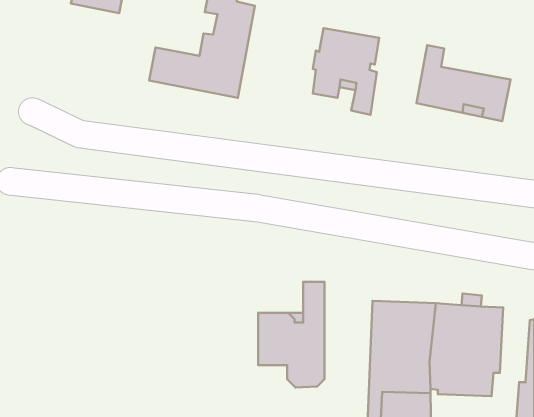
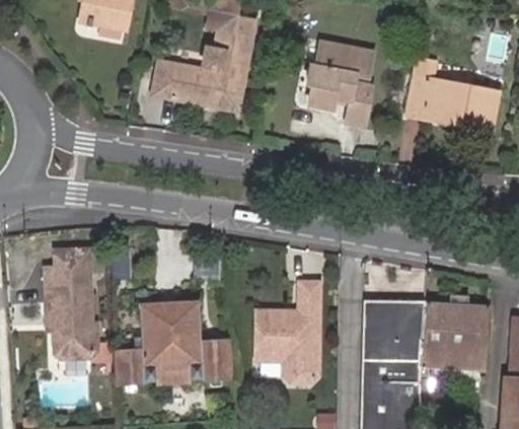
building: none -> [44,245,99,355]
building: none -> [118,301,230,383]

